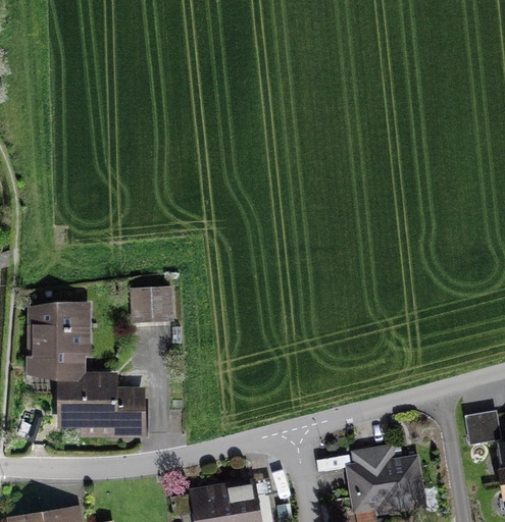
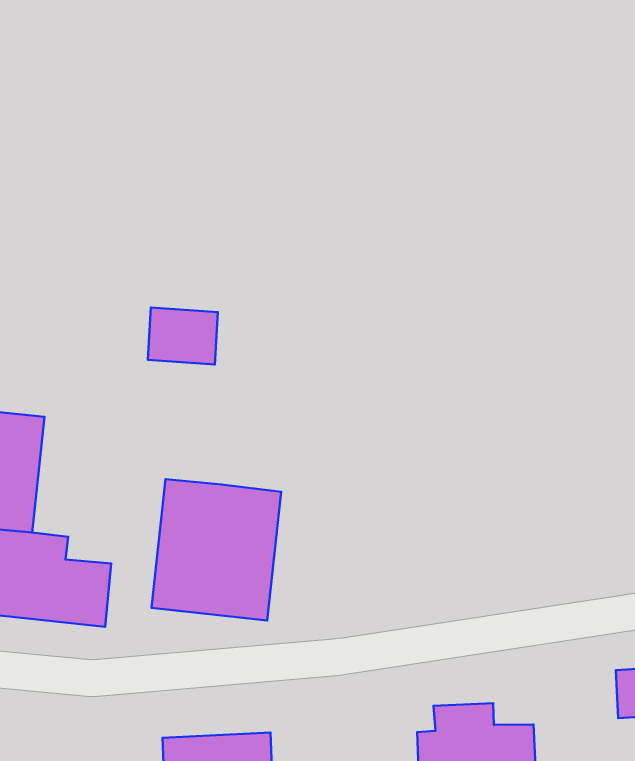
building: [128,289,171,323] -> [148,307,218,365]
building: none -> [152,479,281,620]

